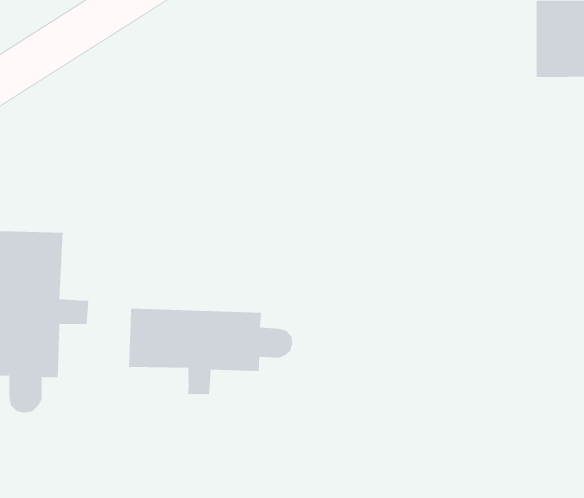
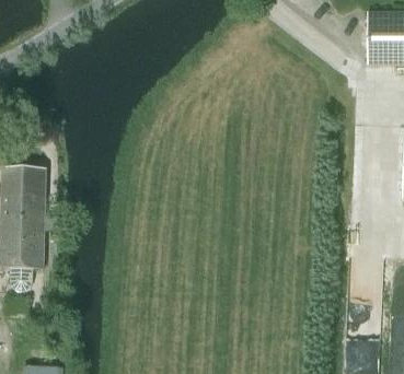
building: [128,308,293,395] -> none

